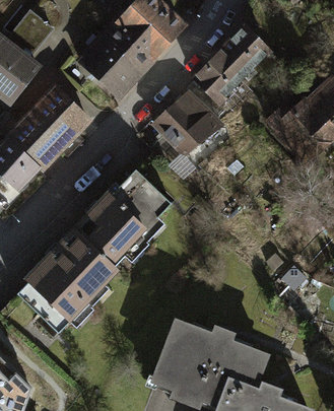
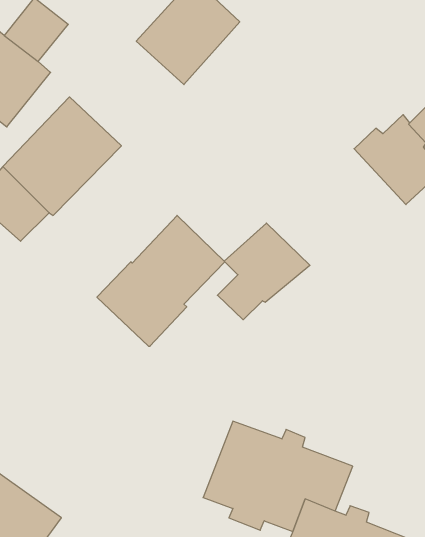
building: [196,26,280,102] -> none
building: [83,40,141,96] -> none
building: [151,94,220,166] -> [217,223,310,320]
building: [18,230,117,333] -> none

